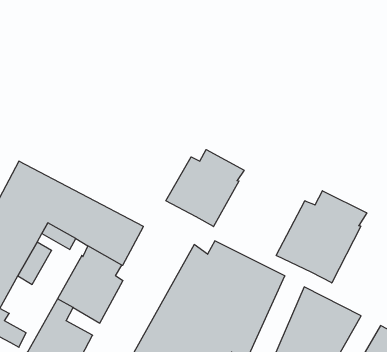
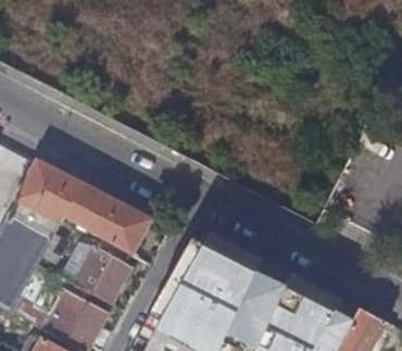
building: [166,150,244,227] -> none
building: [276,191,367,283] -> none

